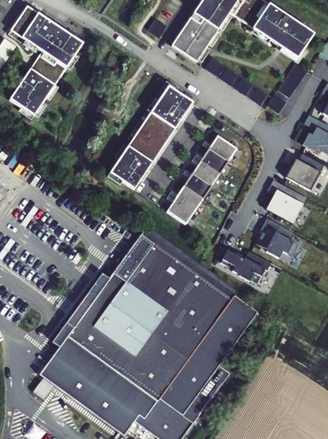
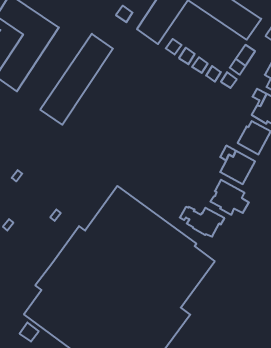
building: [109,86,192,190] -> [40,34,113,125]
building: [166,136,236,224] -> none

